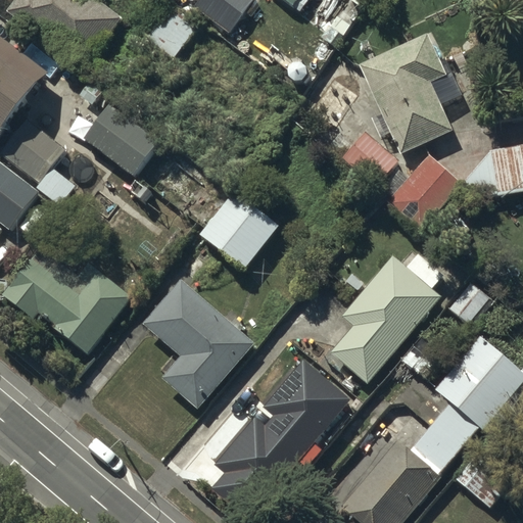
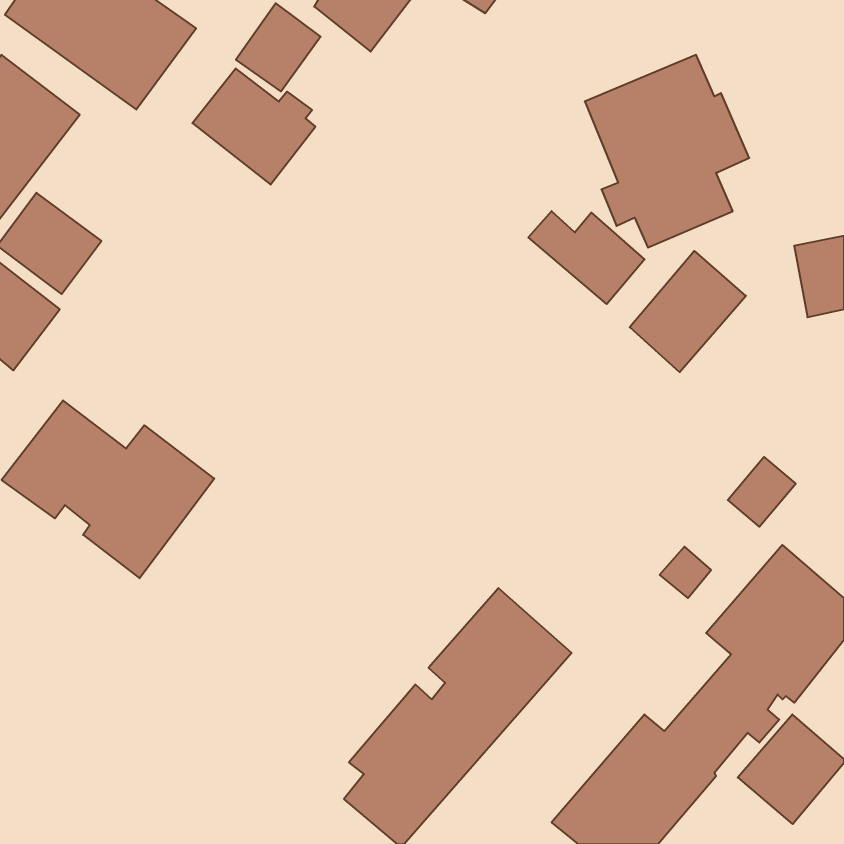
building: [83,104,158,176] -> [192,68,315,185]
building: [198,189,278,269] -> none
building: [328,251,442,383] -> none
building: [141,279,252,408] -> none

